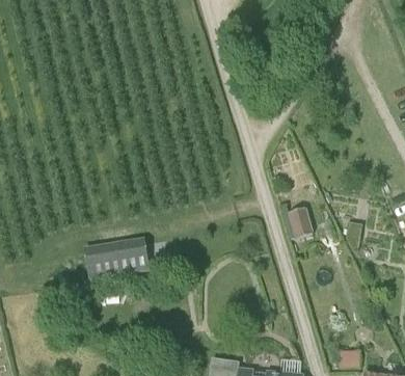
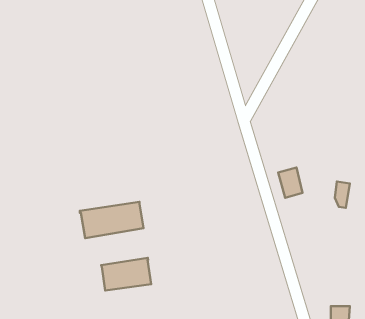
building: none -> [101,258,151,290]

